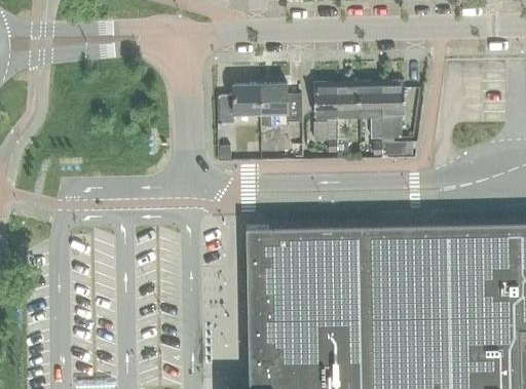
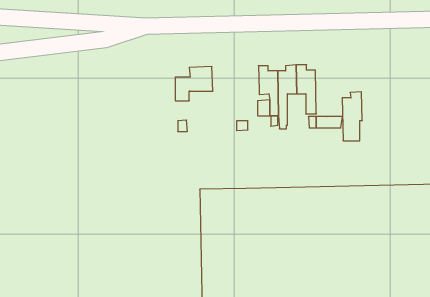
building: [382,83,406,141] -> [342,92,362,141]
building: [261,86,303,130] -> none

